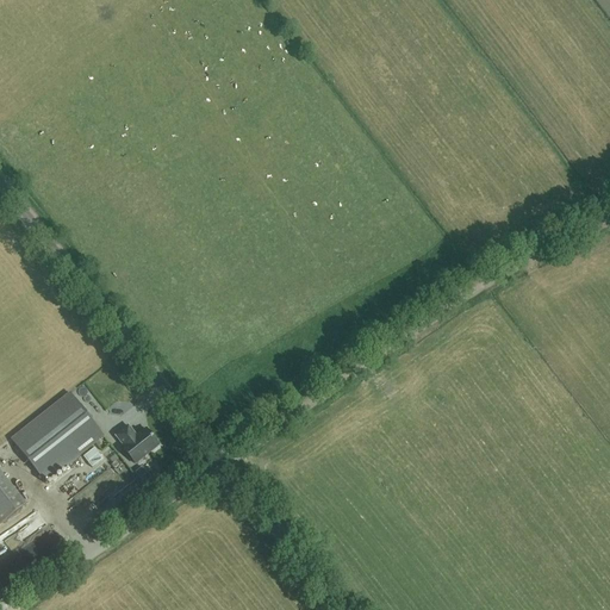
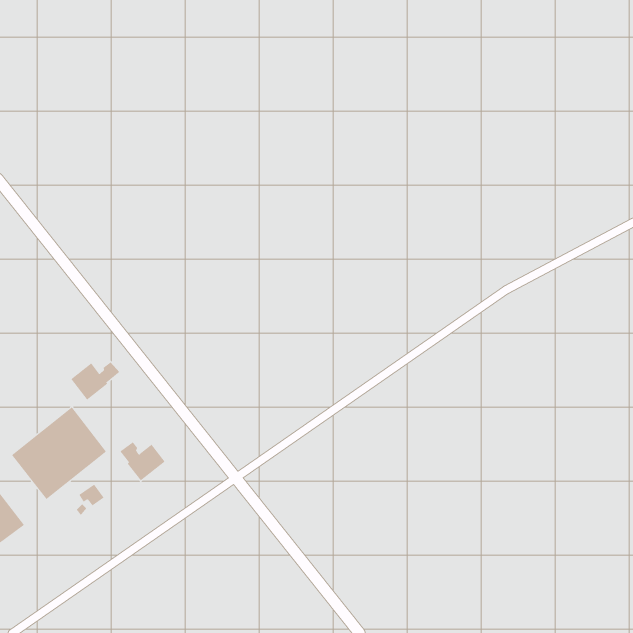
building: none -> [71,361,120,400]

